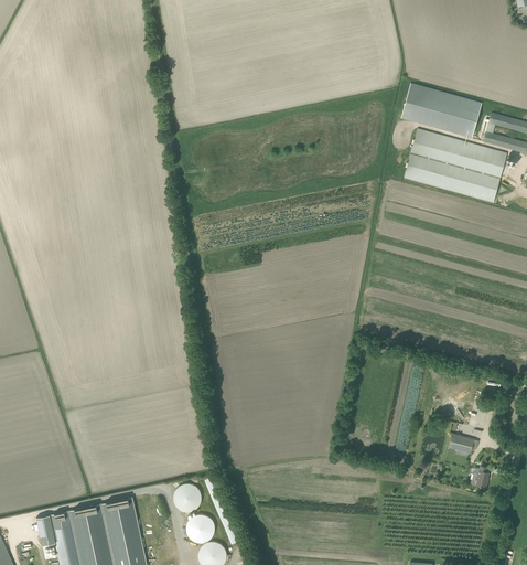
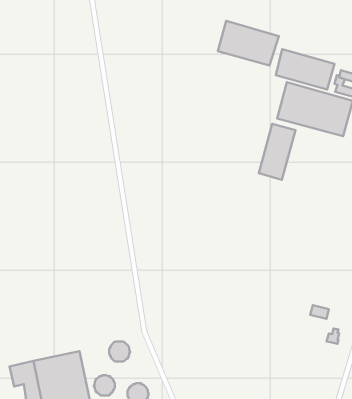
building: none -> [218,21,279,66]
building: none -> [259,124,295,180]
building: [186,513,215,541] -> [94,375,115,395]

